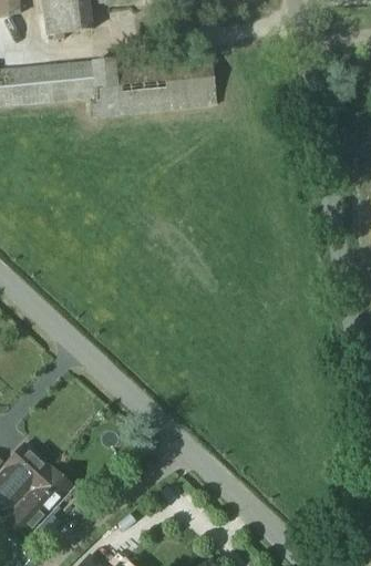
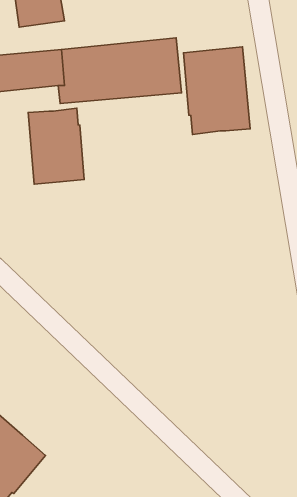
building: none -> [184,47,250,134]
building: none -> [28,108,84,184]

